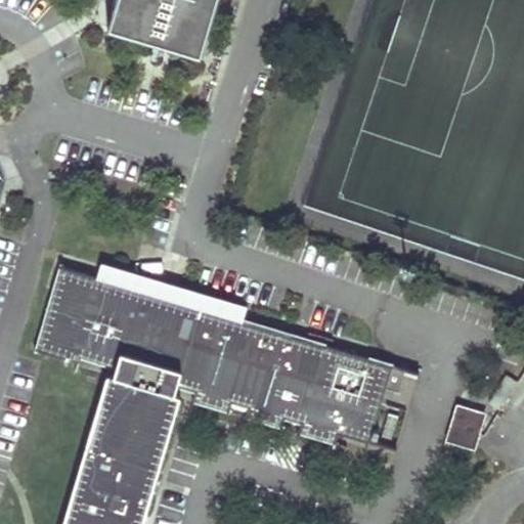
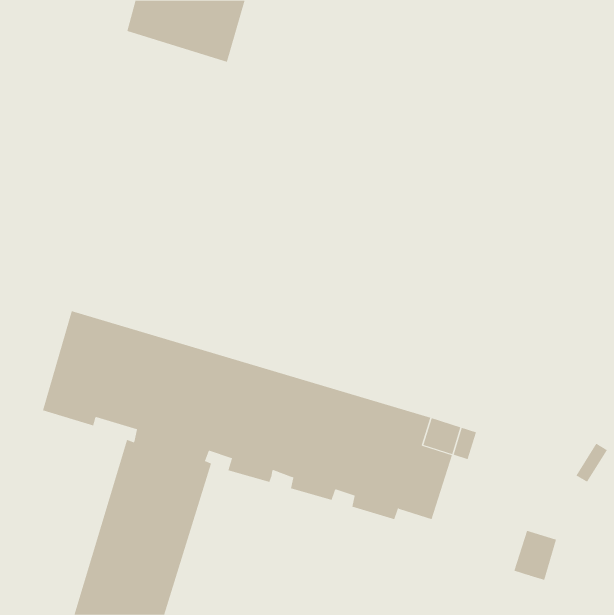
building: [448,405,485,448] -> [513,530,557,581]

